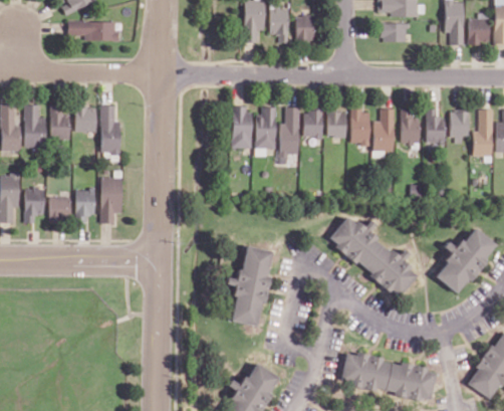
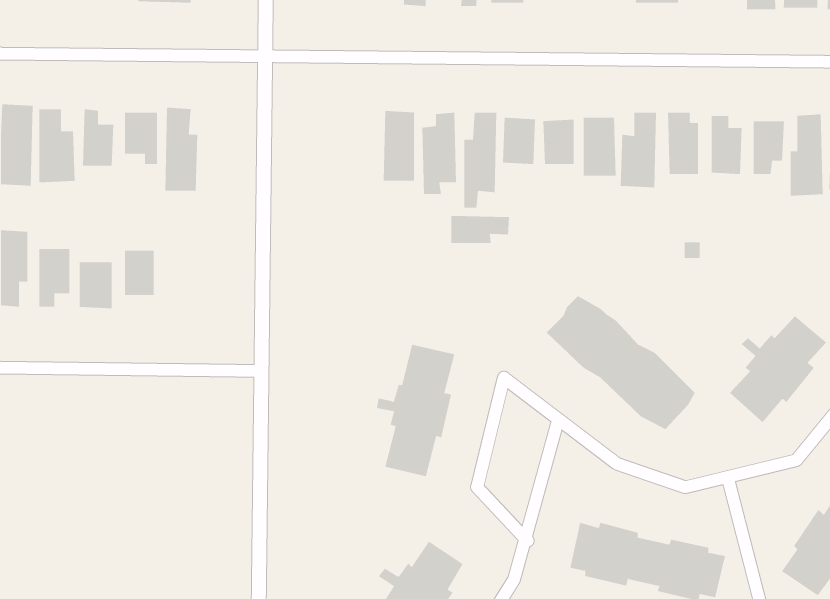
building: none -> [451,215,509,244]
building: [99,178,120,224] -> none

